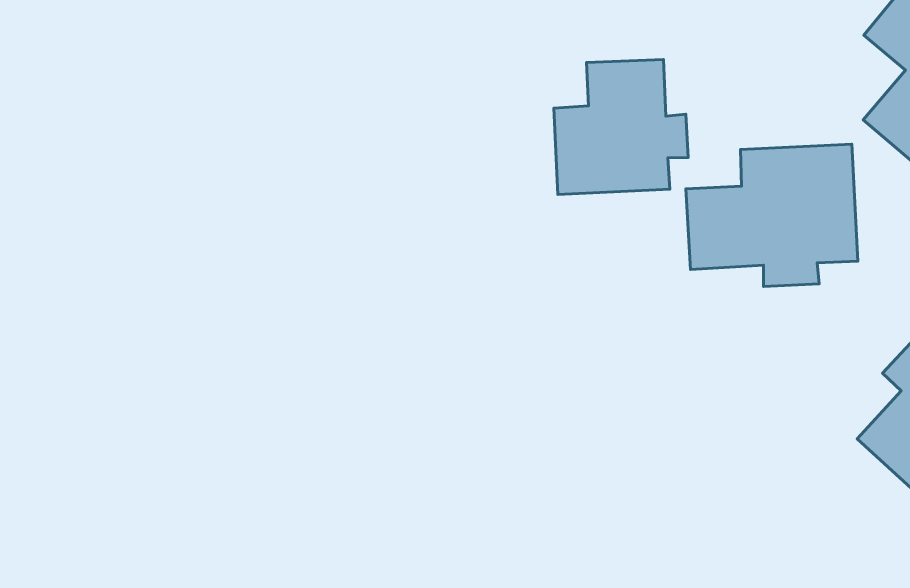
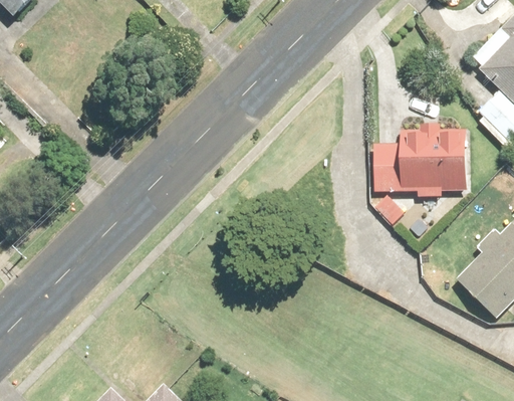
building: [554,60,688,194] -> none

